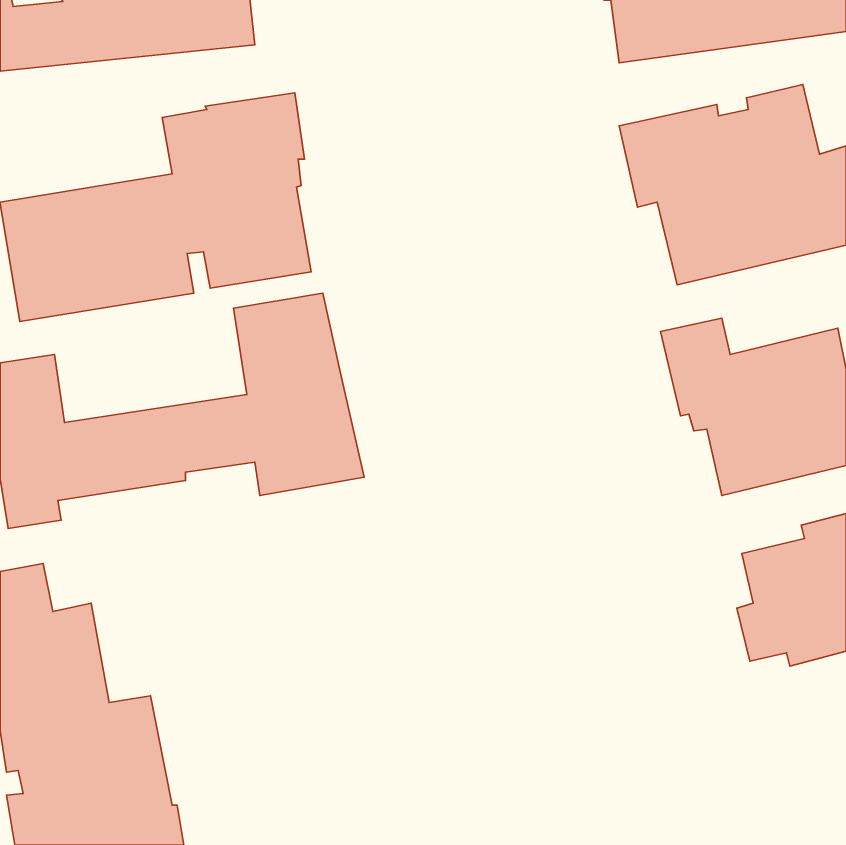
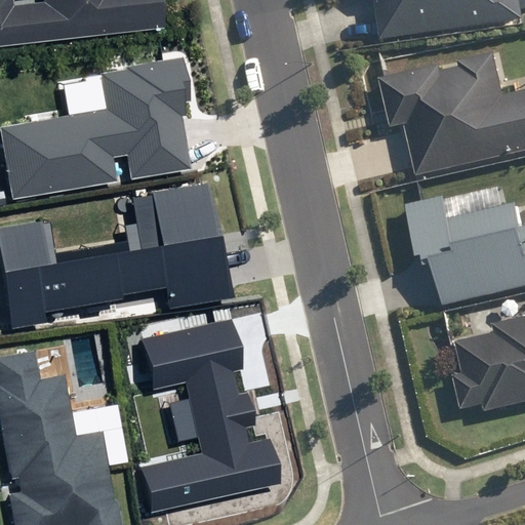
building: none -> [139,319,282,513]

